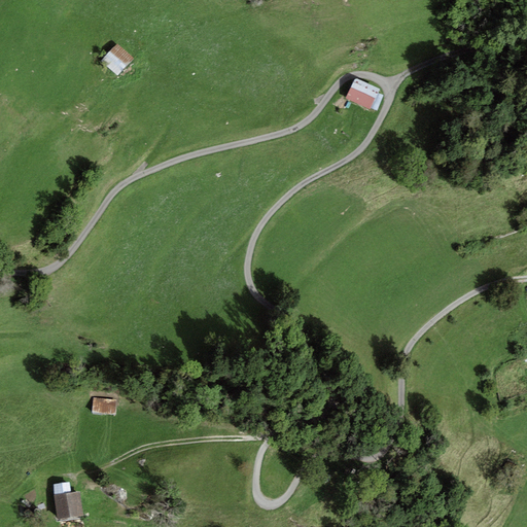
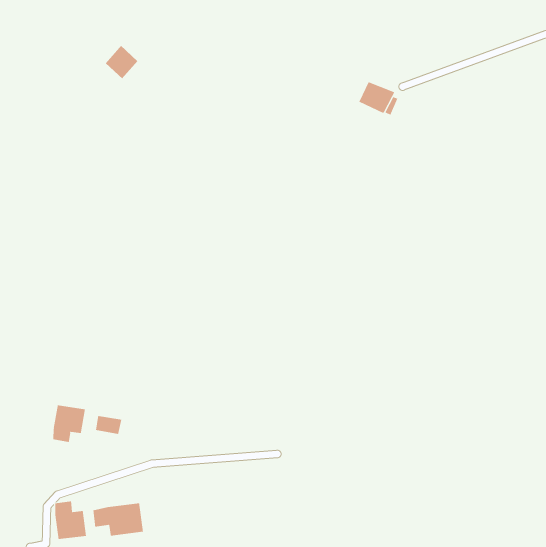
building: none -> [53,404,85,443]
building: none -> [93,503,144,536]

